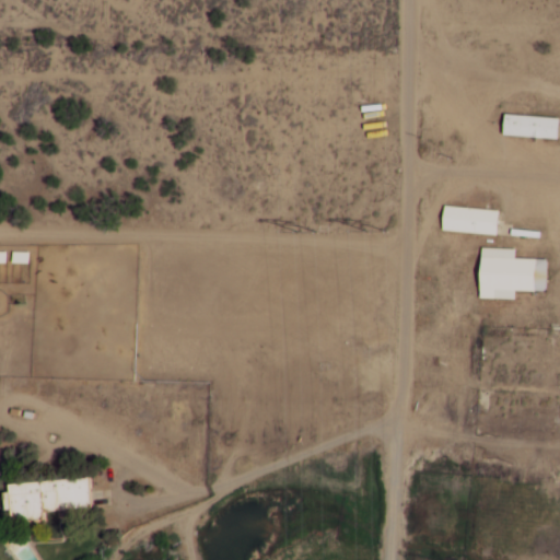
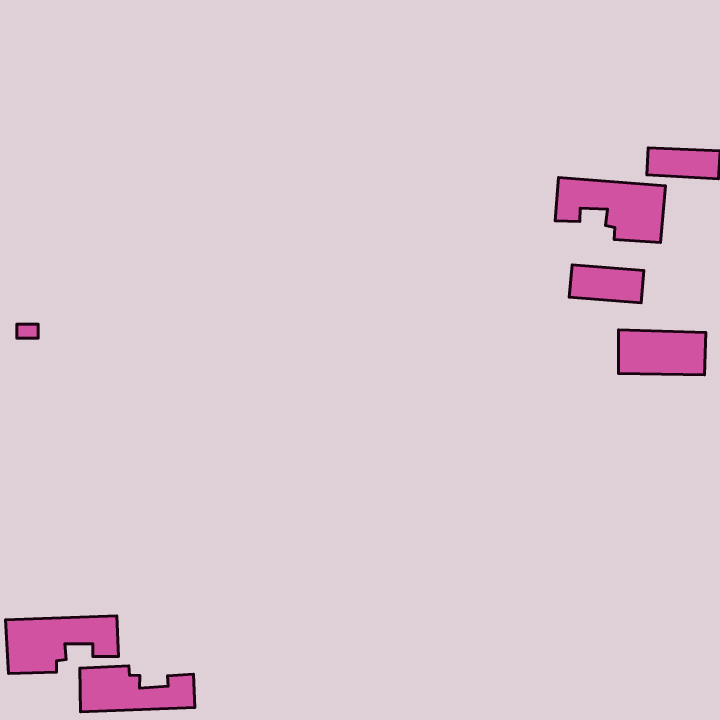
building: none -> [555,177,666,243]
building: none -> [80,666,195,712]

